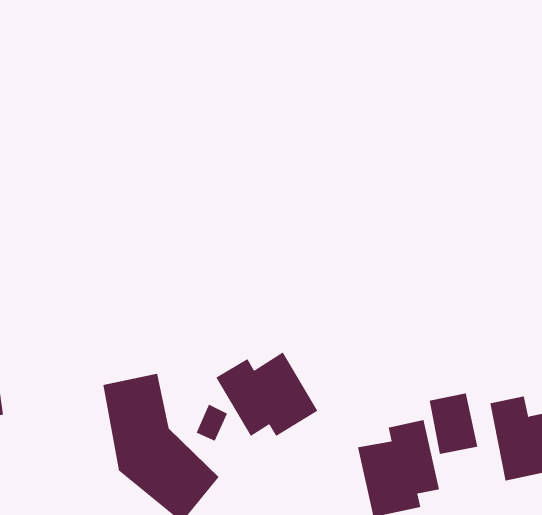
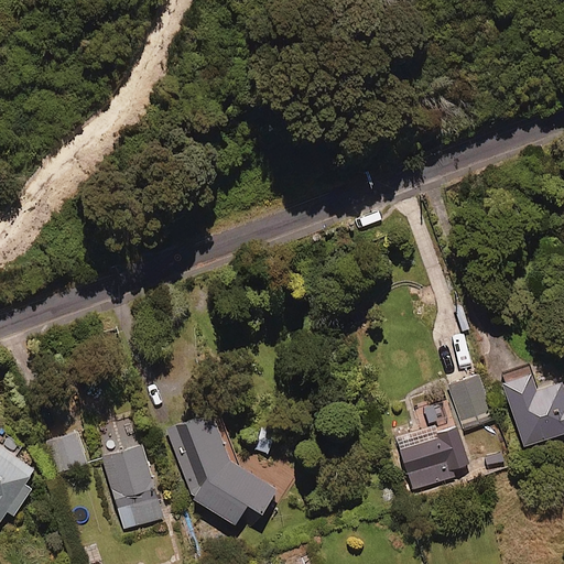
building: [215,351,318,437] -> none
building: none -> [100,443,164,534]

